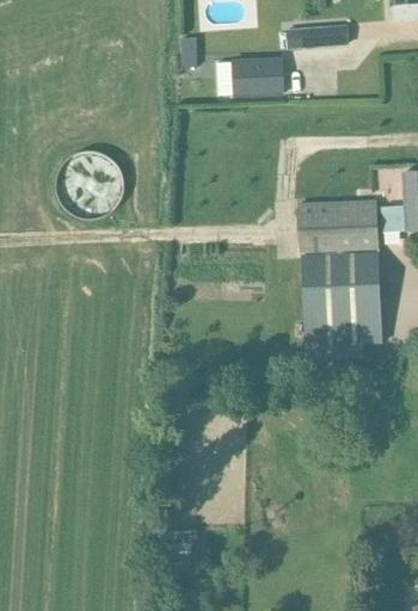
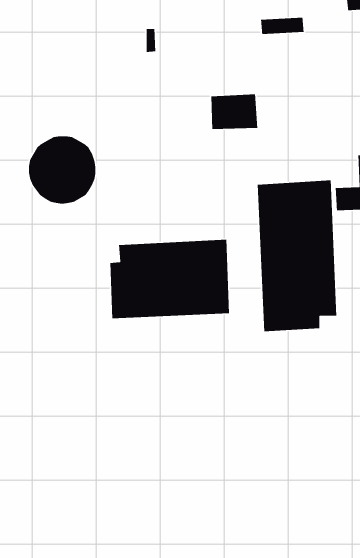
building: [230,57,281,95] -> [211,93,258,130]
building: none -> [110,239,230,319]

